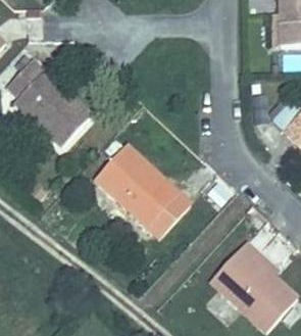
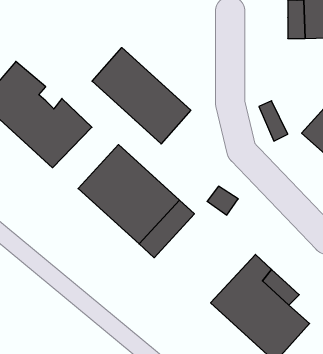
building: none -> [92,48,191,144]

